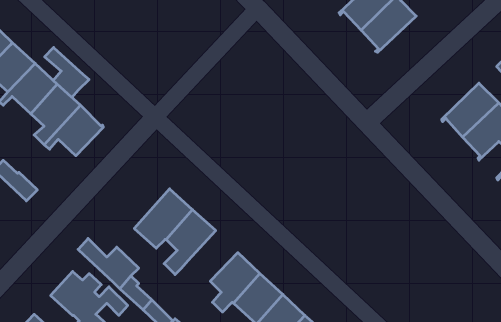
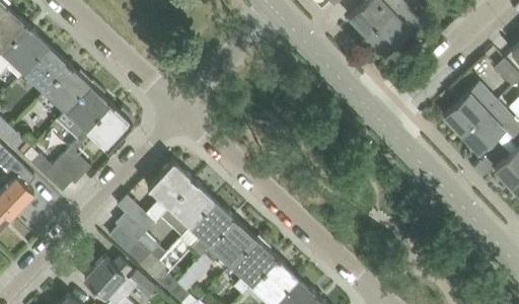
building: [45,47,89,97] -> none
building: none -> [55,148,91,184]
building: none -> [116,160,194,243]
building: none -> [205,219,256,265]

